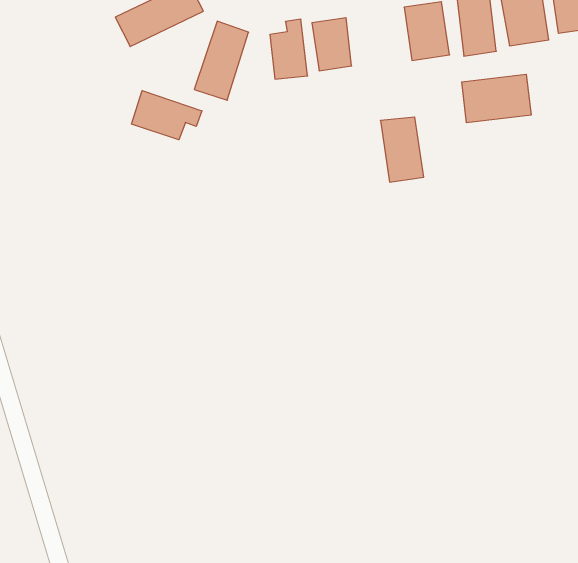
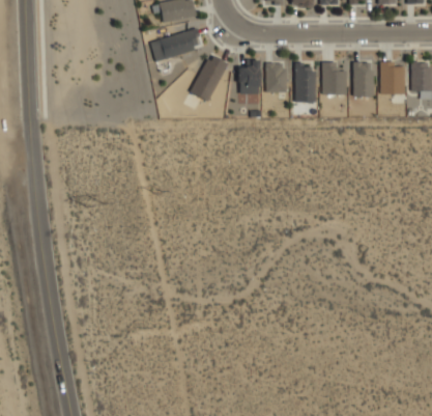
building: [462,74,531,123] -> none
building: [132,91,202,140] -> none
building: [380,117,424,182] -> [295,65,316,103]

